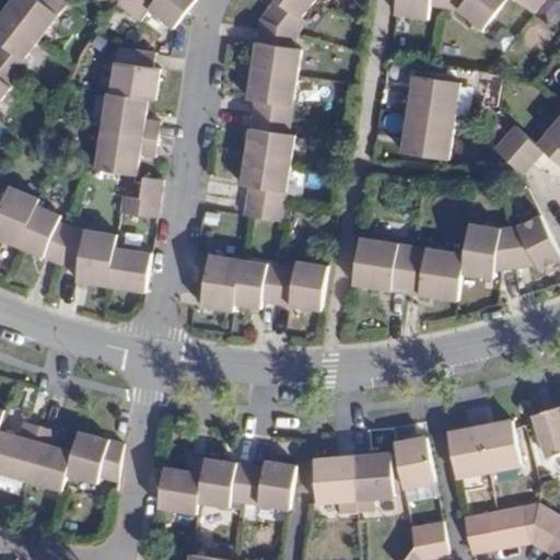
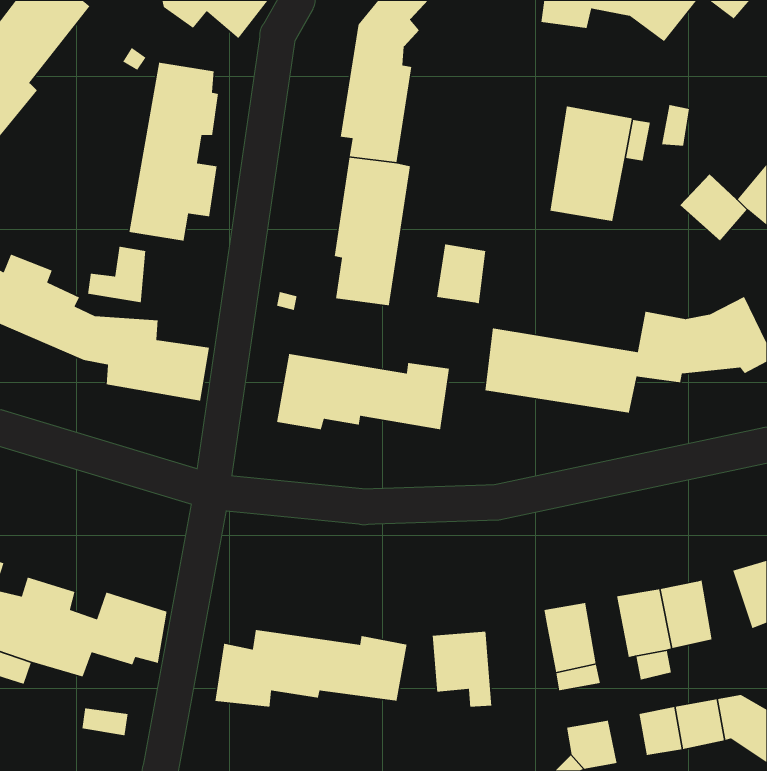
building: [118,176,161,218] -> [87,246,146,303]
building: none -> [436,244,486,305]
building: [352,454,394,512] -> none

